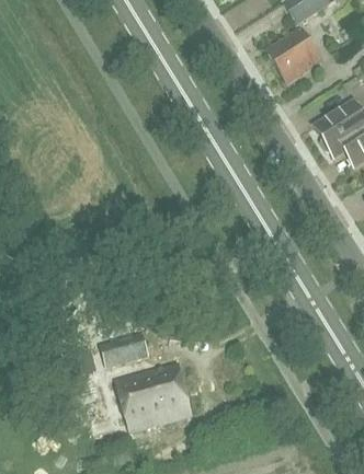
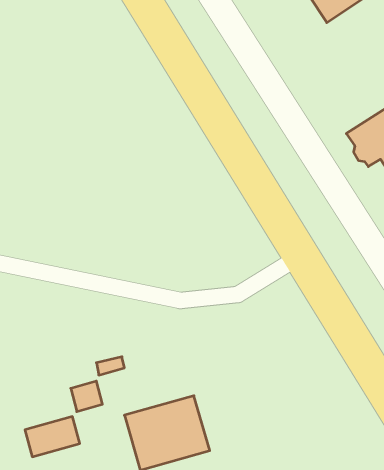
building: [265,26,321,81] -> none
building: [100,332,149,368] -> [25,417,80,457]

